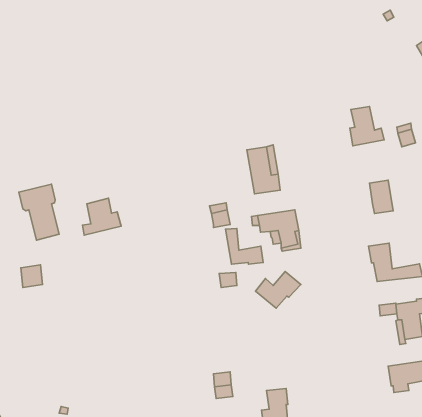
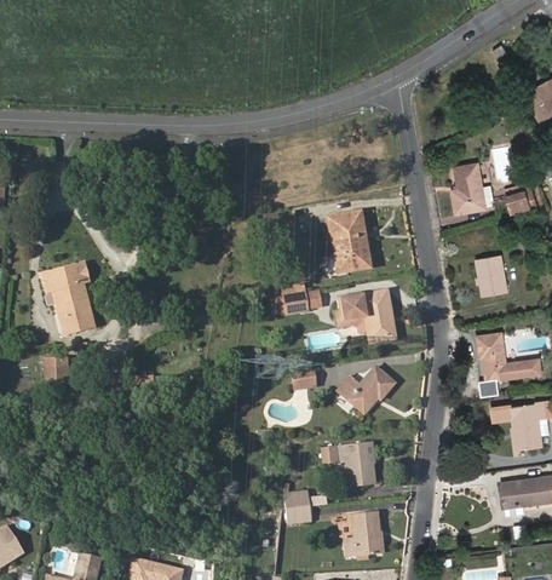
building: [83,198,121,235] -> none
building: [225,228,263,264] -> none
building: none -> [322,442,374,487]

